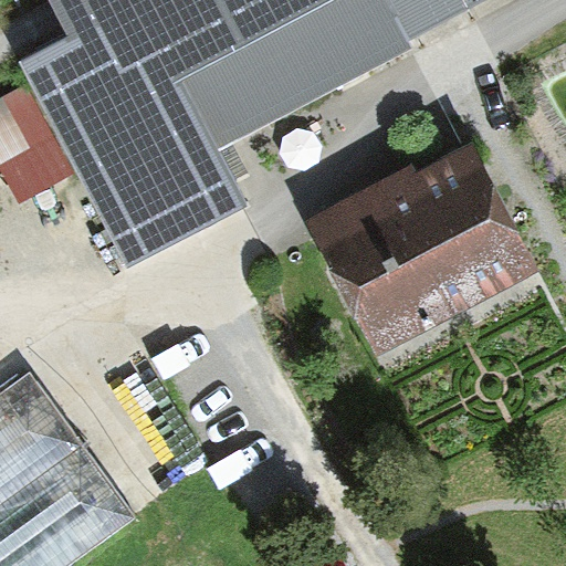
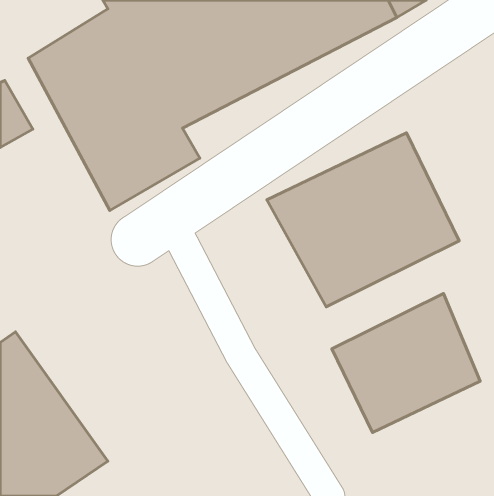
building: none -> [332,294,480,432]

